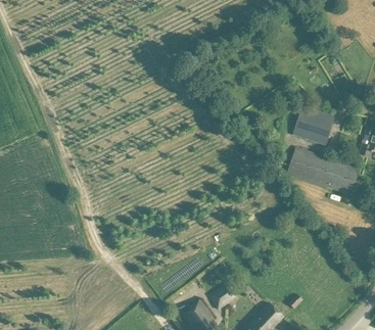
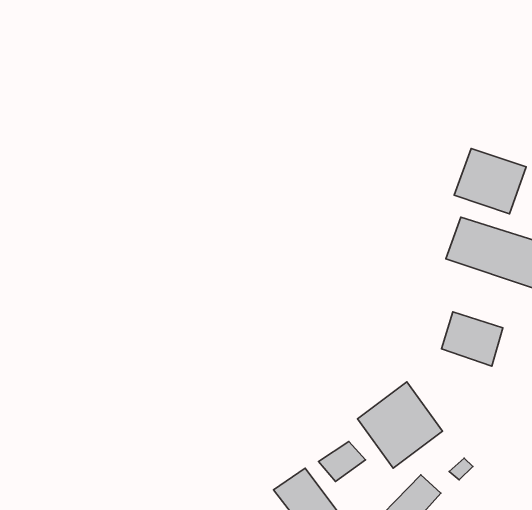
building: none -> [441,312,503,366]
building: none -> [357,382,442,468]

